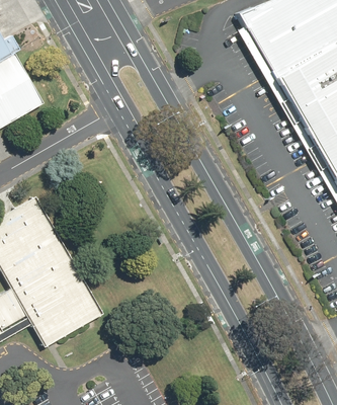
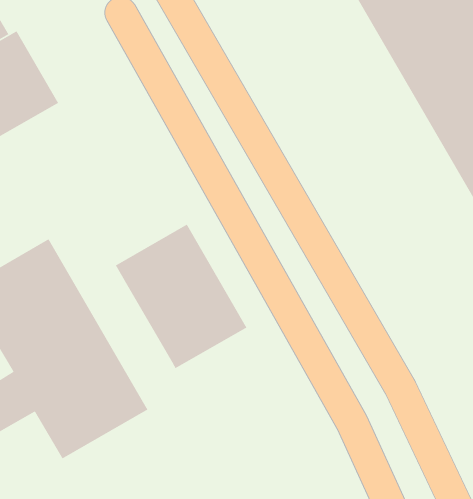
building: none -> [115,224,248,369]

